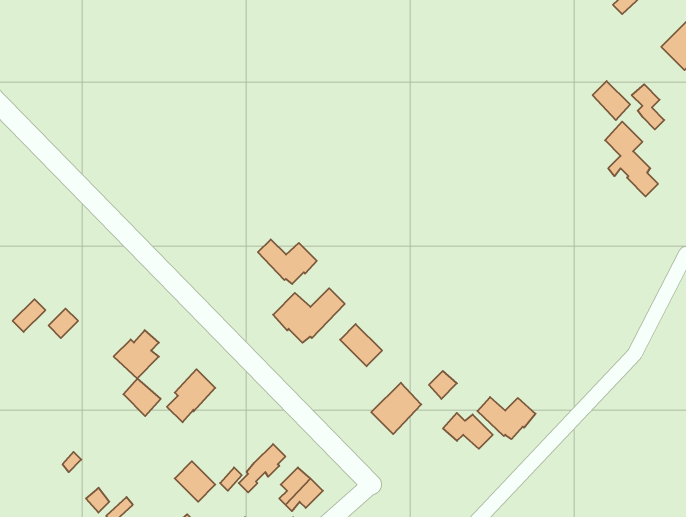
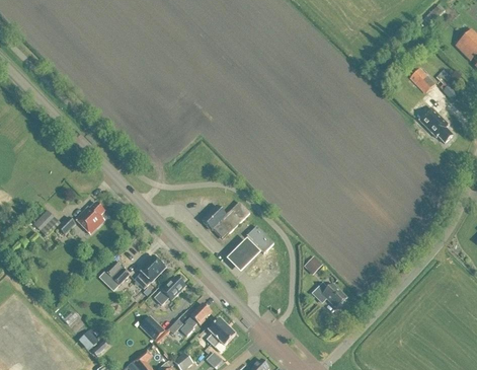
building: [258,239,317,284] -> none
building: [114,330,159,378] -> [75,202,104,233]
building: [371,383,421,434] -> [227,239,259,273]
building: [477,397,536,439] -> none
building: none -> [155,276,185,304]

